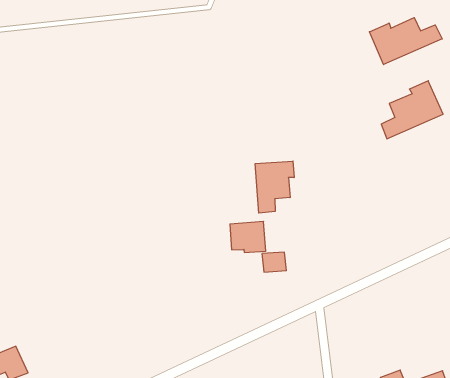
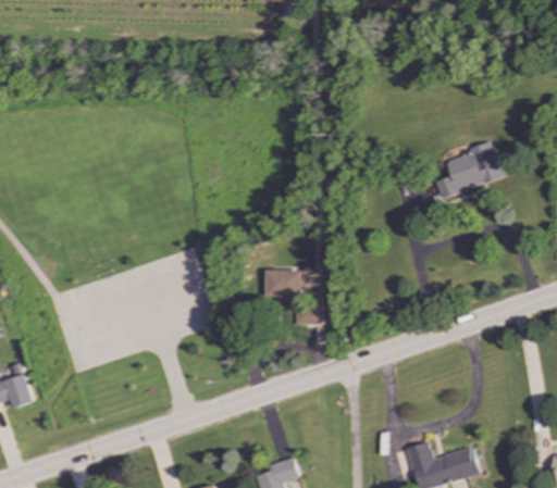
building: [369,18,442,65] -> none
building: [255,161,294,213] -> none

